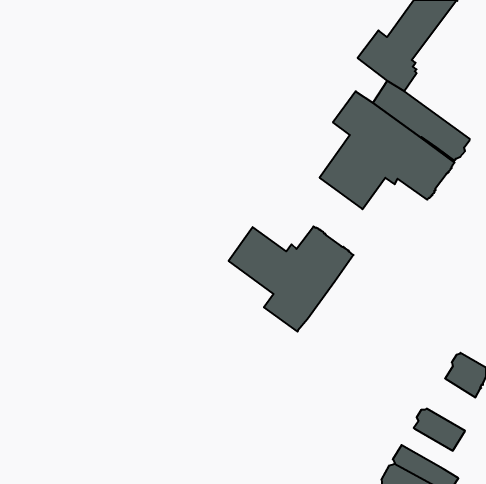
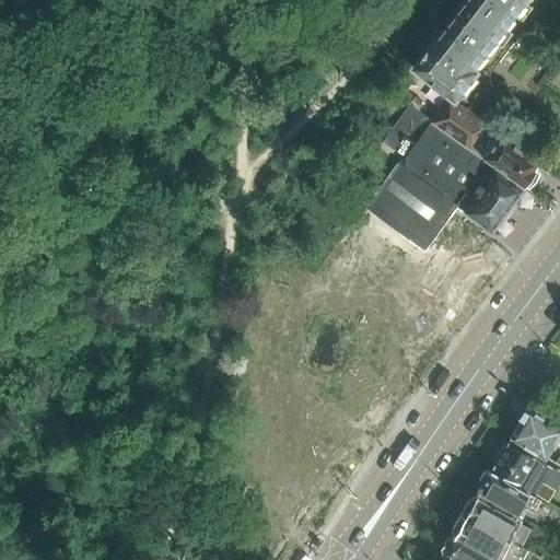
building: [229,226,354,332] -> none
building: none -> [491,442,553,498]
building: none -> [462,495,521,541]

